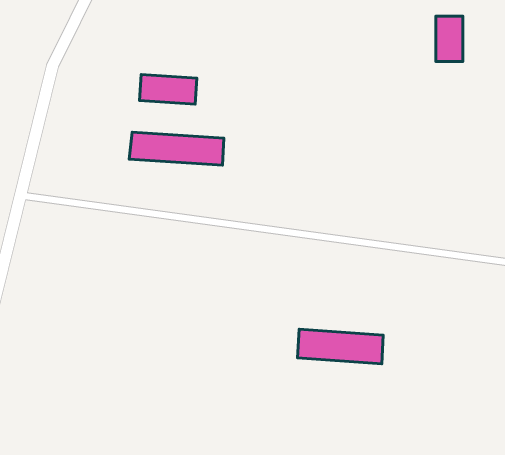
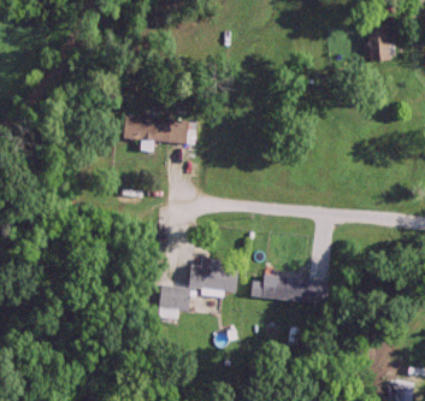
building: [139,74,197,104] -> none
building: none -> [158,259,240,309]

